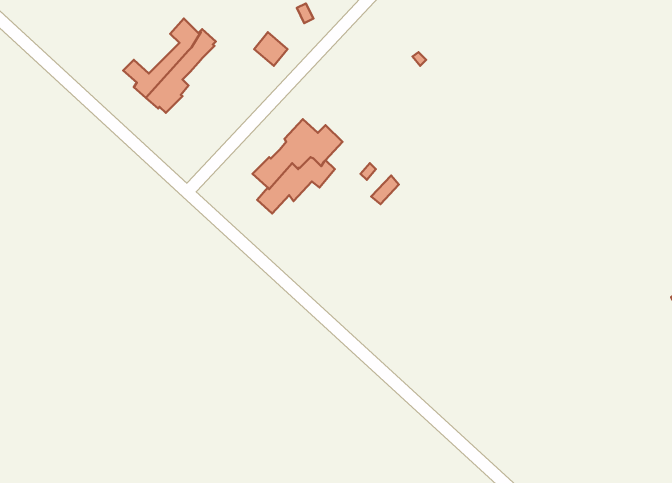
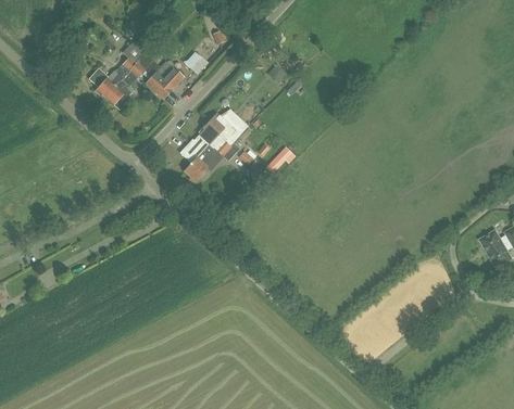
building: none -> [143,61,184,99]

